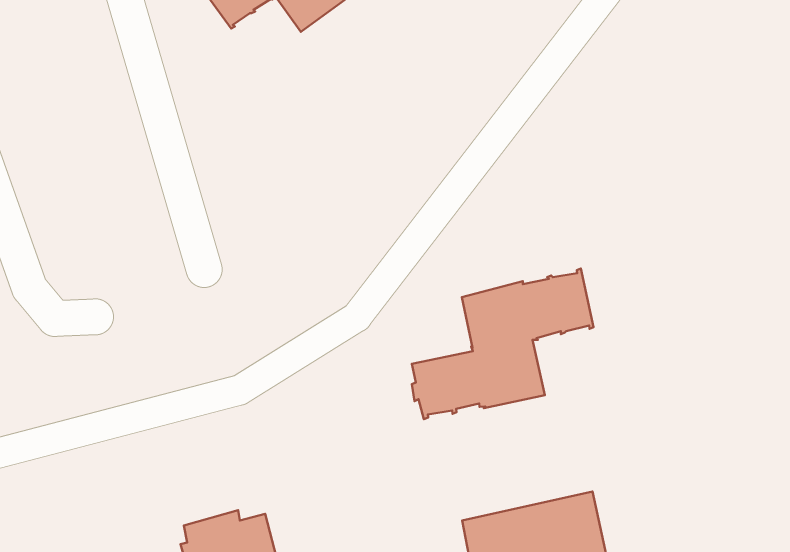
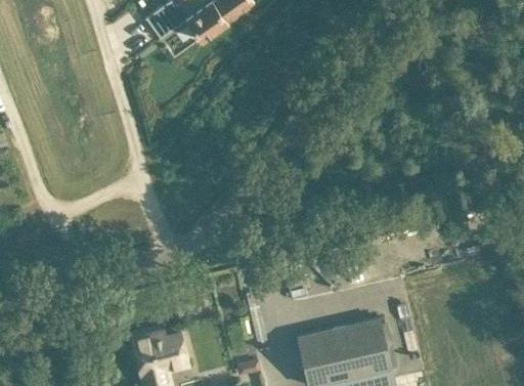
building: [412,268,593,419] -> none

